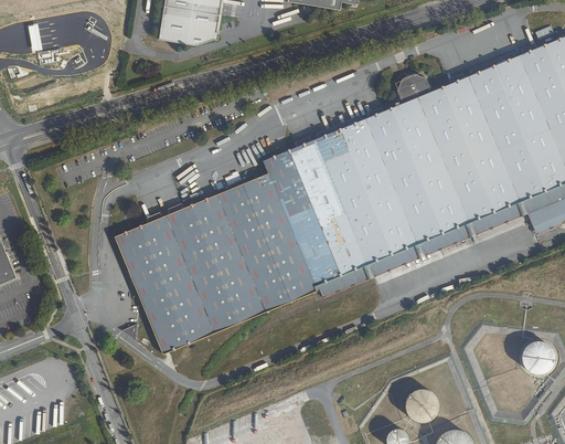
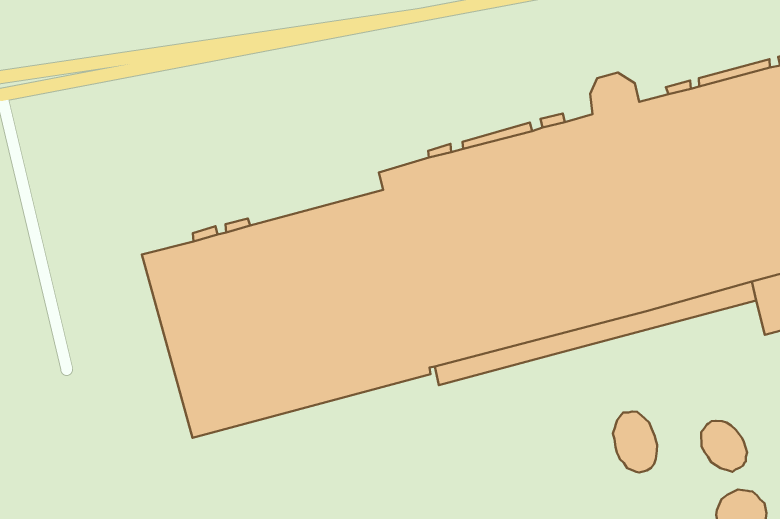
building: none -> [701,421,747,472]
building: none -> [613,412,657,472]

